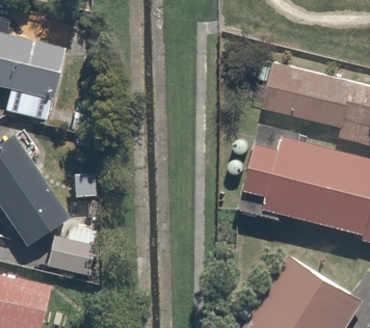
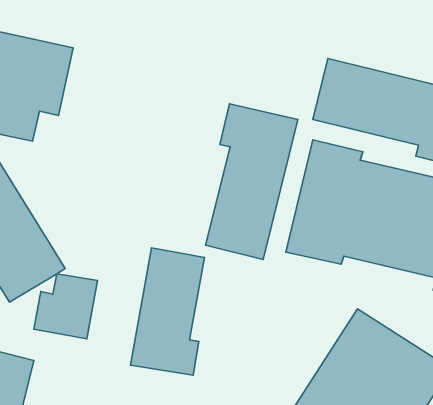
building: none -> [206,104,298,259]
building: none -> [130,248,204,375]

